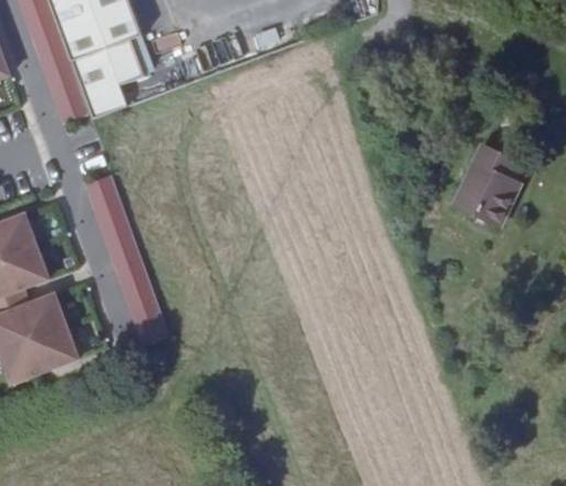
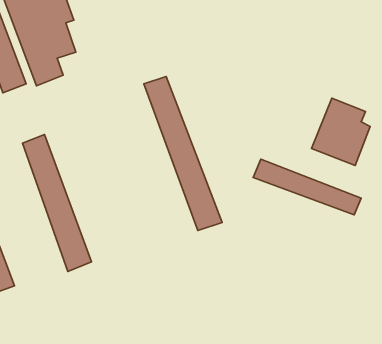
building: none -> [144,76,222,230]
building: none -> [253,159,361,215]

